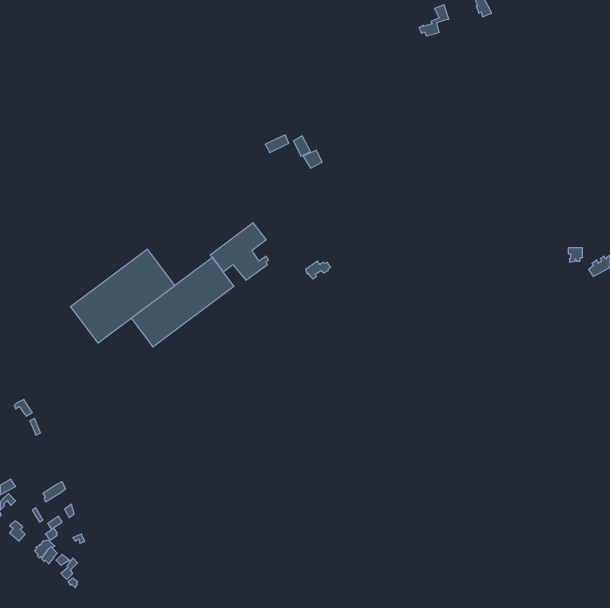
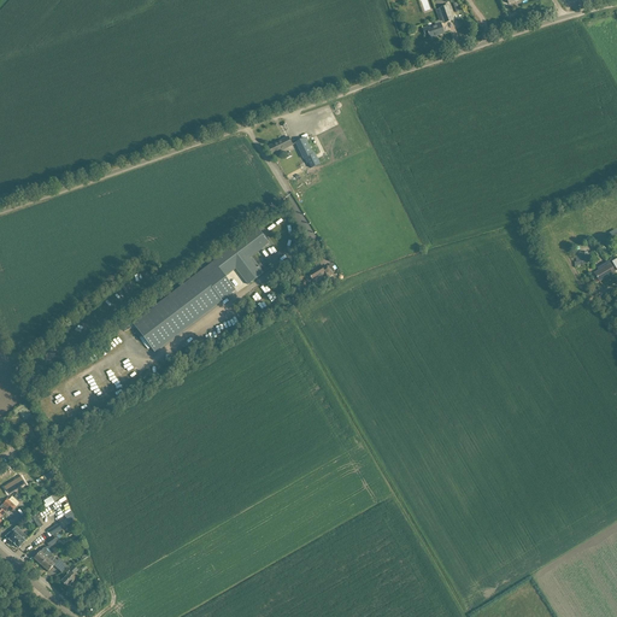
building: [71,249,175,343] -> none

